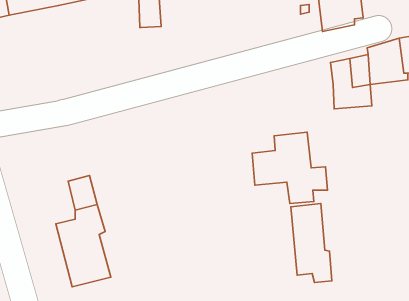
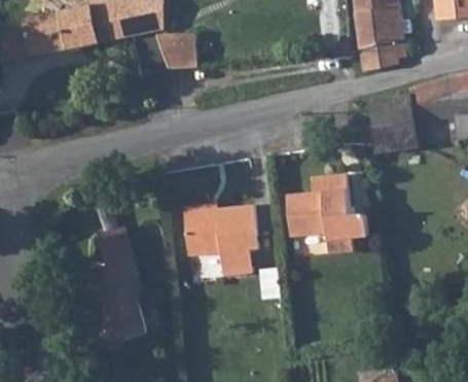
building: none -> [184,202,257,275]
building: [291,204,332,282] -> none

